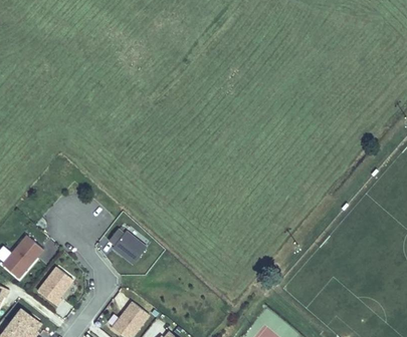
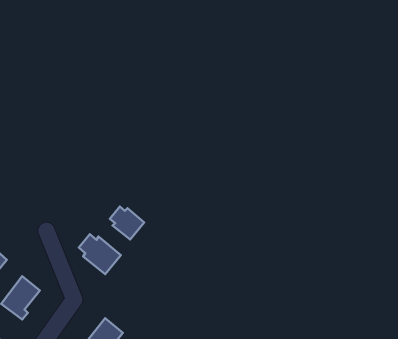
building: none -> [110,207,144,240]

